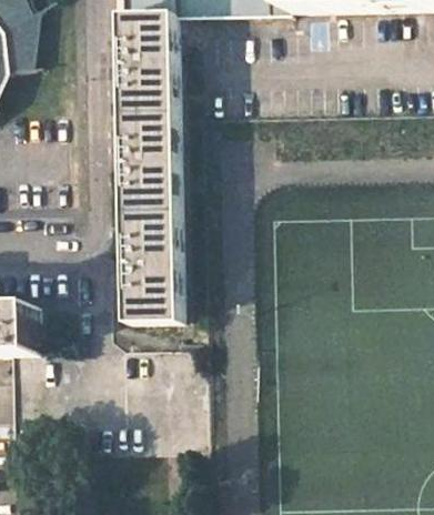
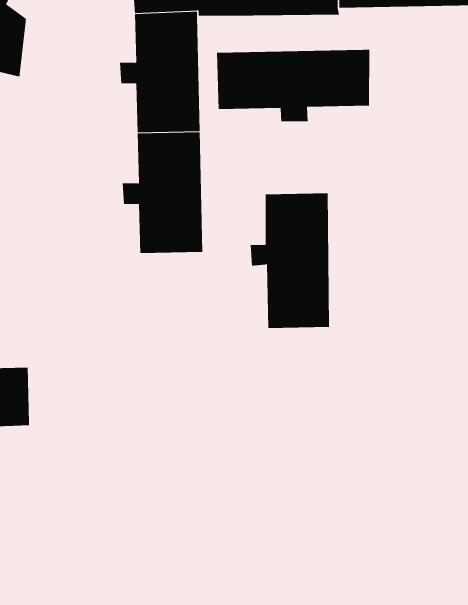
building: none -> [217,49,370,122]
building: [109,210,174,321] -> [250,193,330,329]

